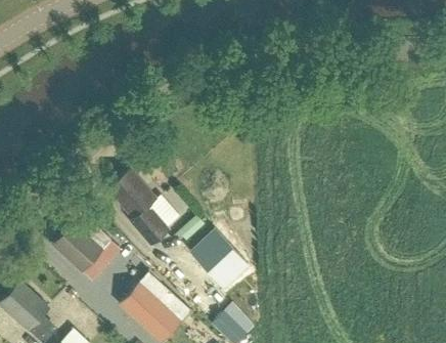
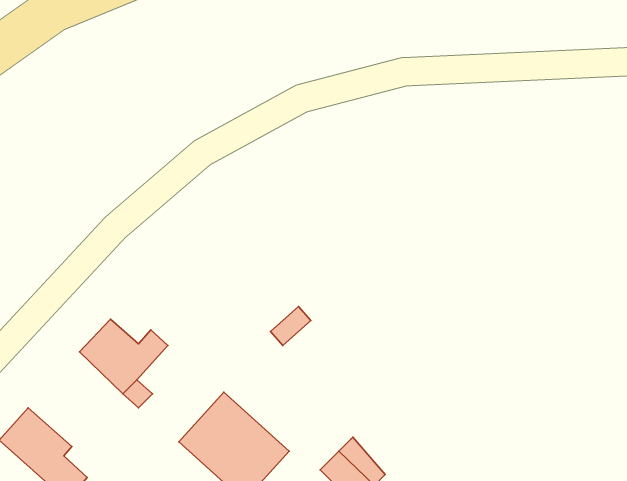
building: [109,171,171,246] -> none
building: [191,223,246,277] -> none

